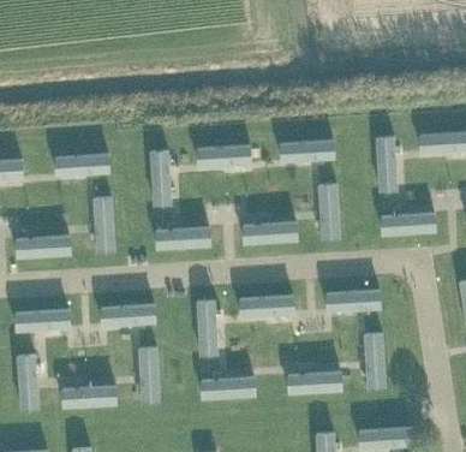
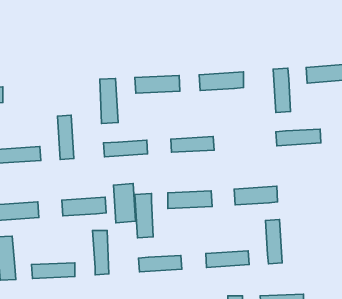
building: [52,153,109,176] -> none
building: [317,180,340,238] -> none
building: none -> [114,184,135,223]

